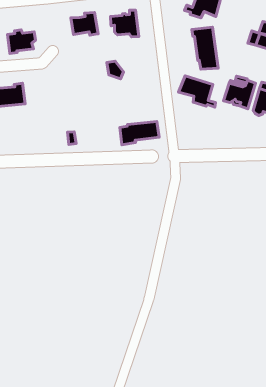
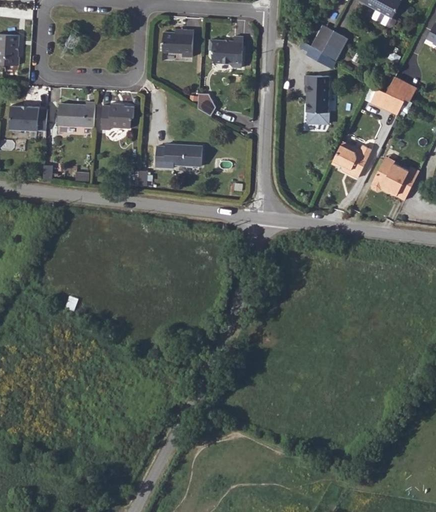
building: [8,30,35,54] -> [101,103,134,129]
building: [179,76,215,107] -> none
building: [120,121,159,145] -> [157,146,203,169]

